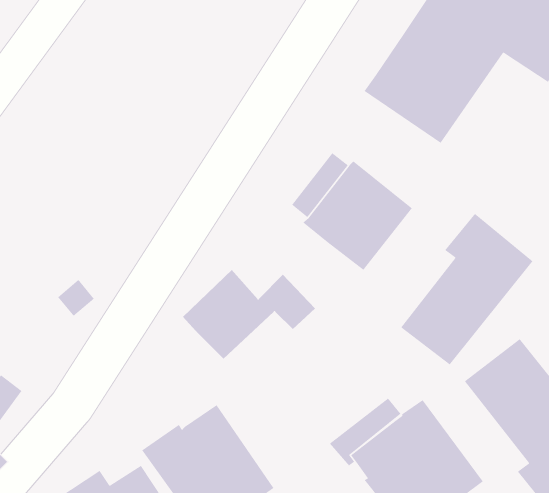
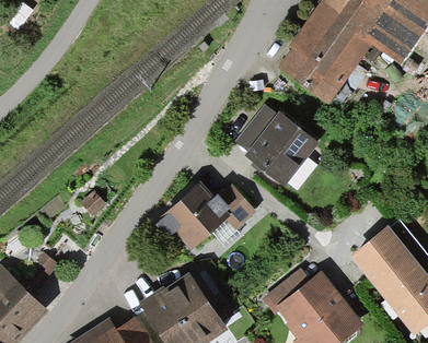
building: [400,213,534,366] -> none

